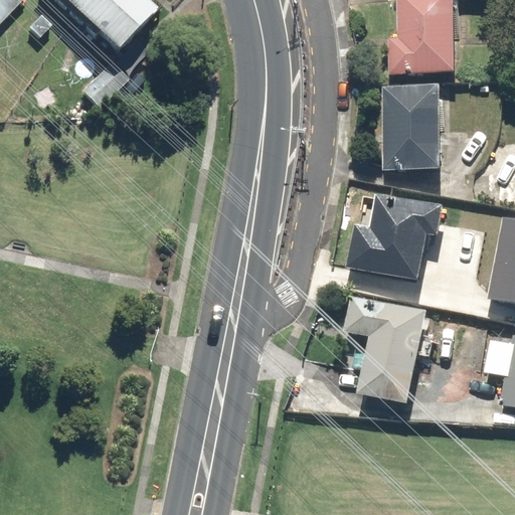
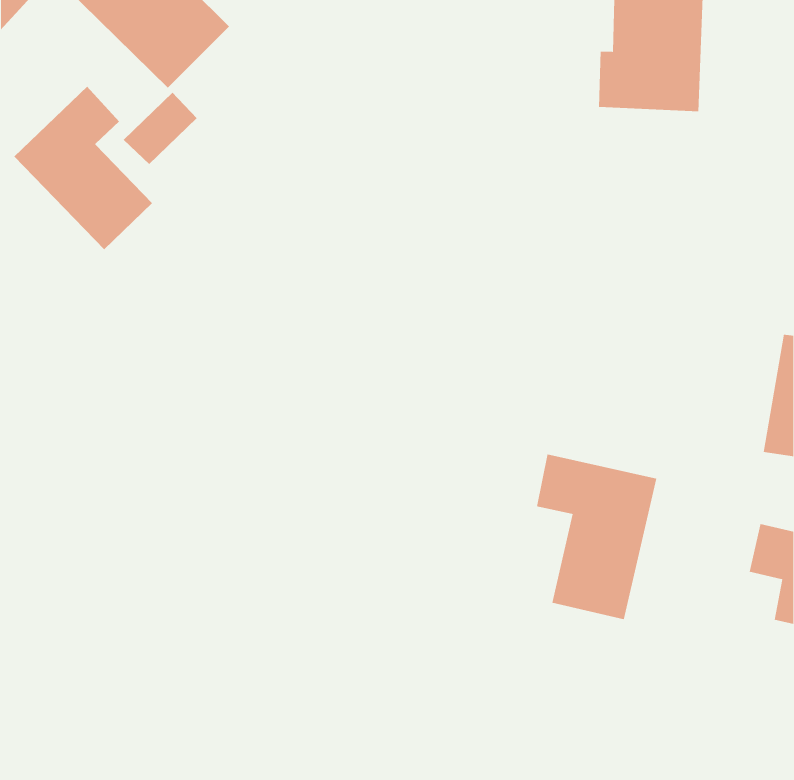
building: none -> [13,86,153,250]
building: [382,83,437,167] -> none
building: [347,194,443,283] -> none

